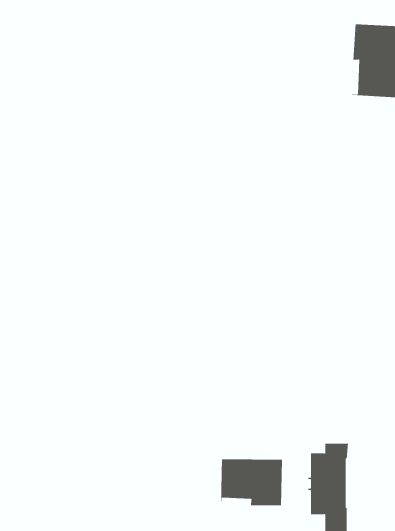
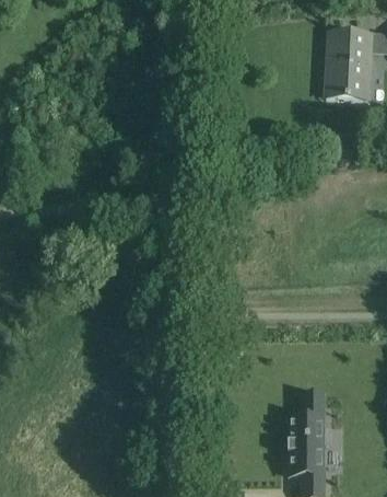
building: [221,459,283,506] -> none

